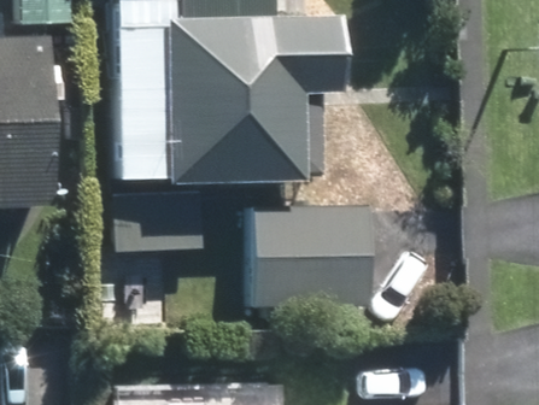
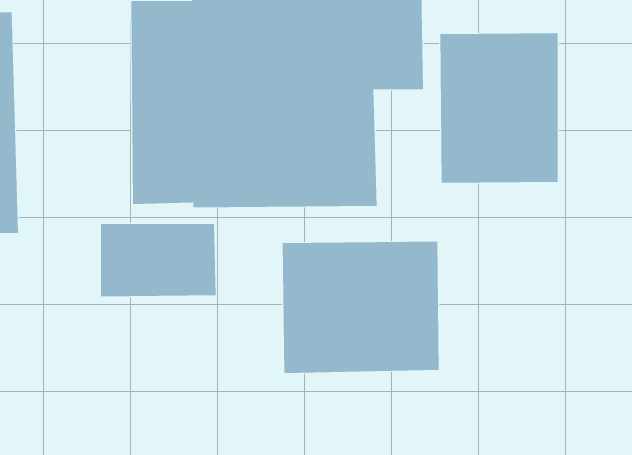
building: none -> [440,33,558,184]

